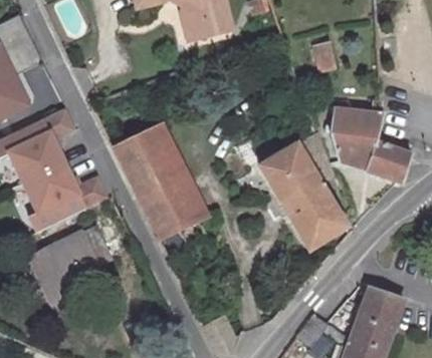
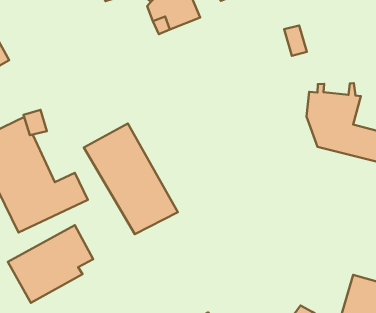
building: [260,110,346,249] -> none

